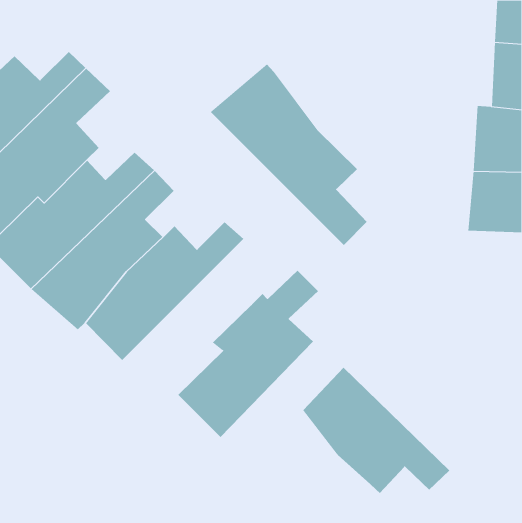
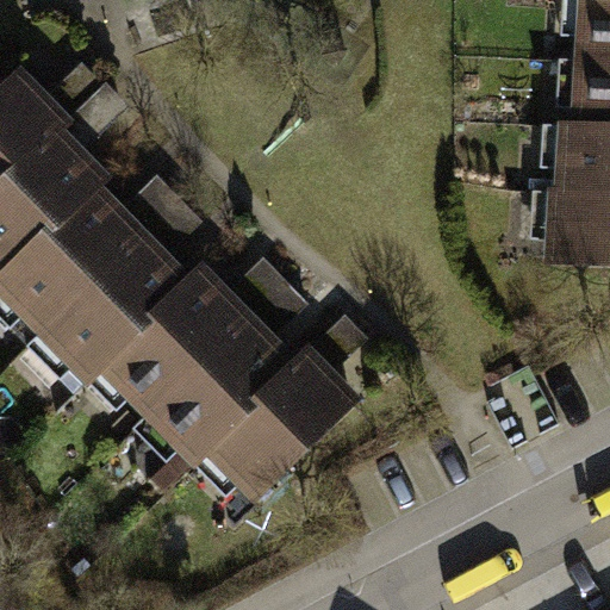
building: [210,64,368,246] -> none
building: none -> [142,279,309,473]
building: [302,367,450,494] -> none

